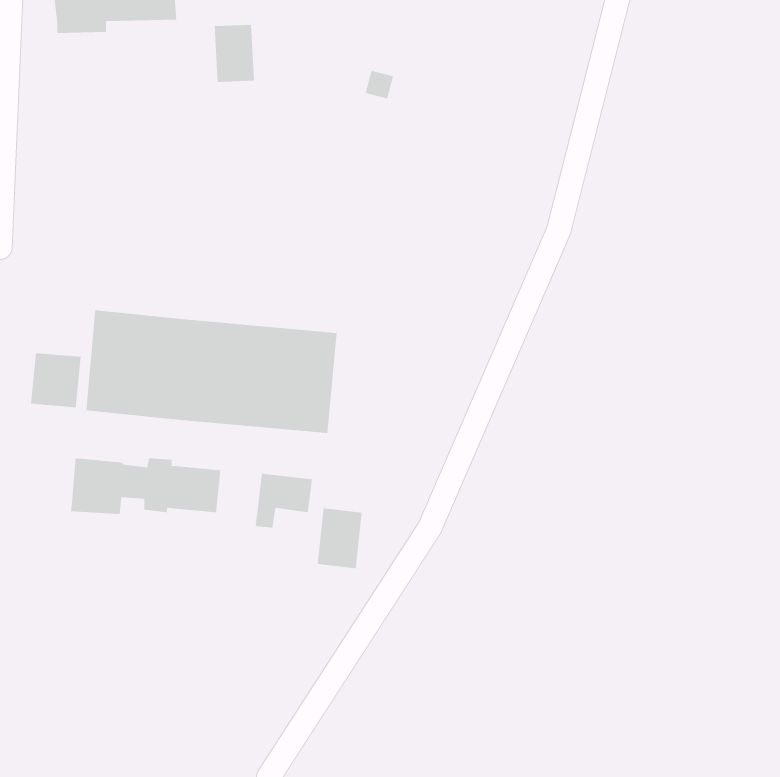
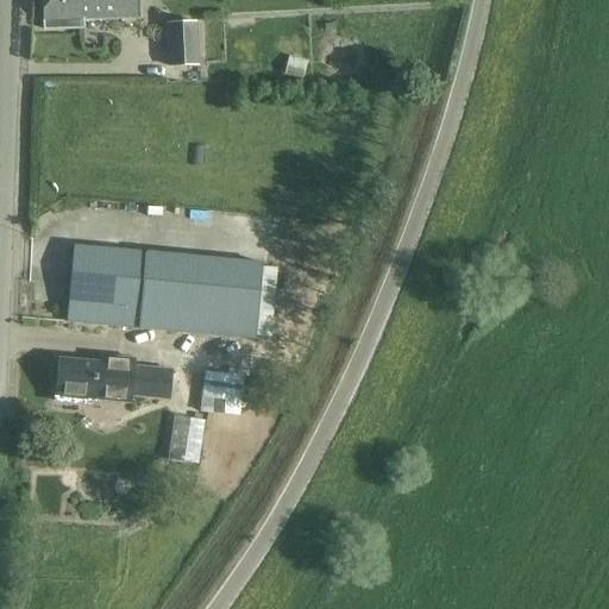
building: [31,352,81,408] -> none
building: [317,508,363,569] -> [170,413,206,460]

